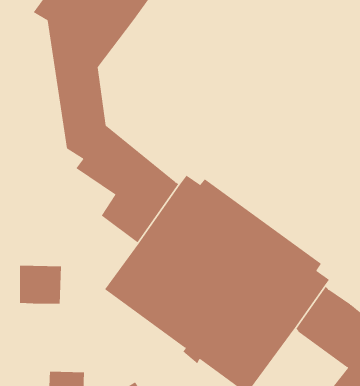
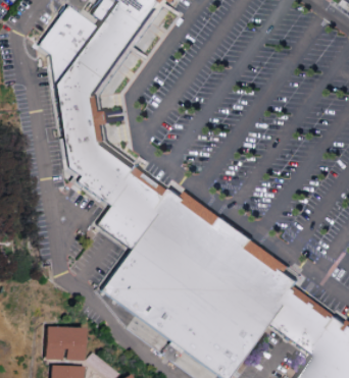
building: [19,265,62,304] -> [46,324,84,359]

